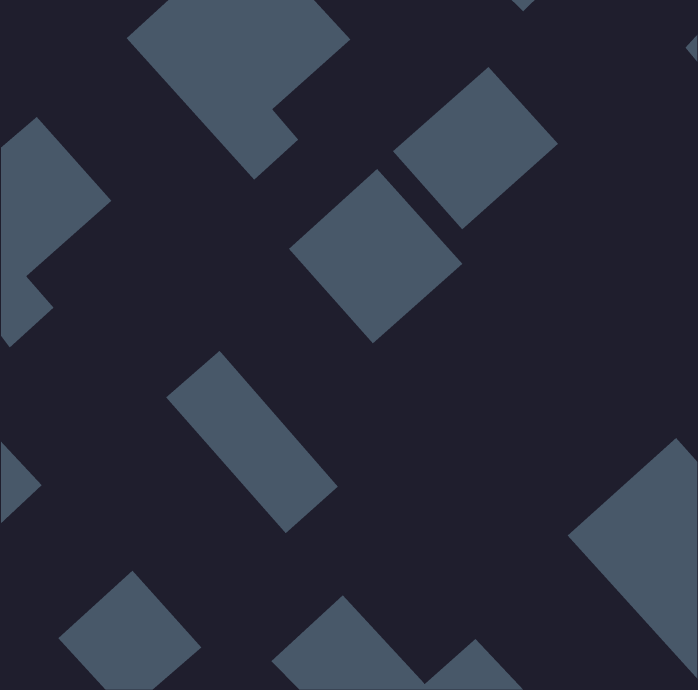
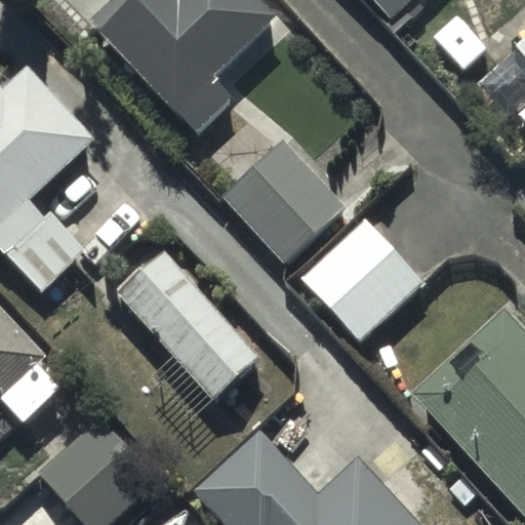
building: [392,66,559,230] -> none
building: none -> [299,212,423,336]

